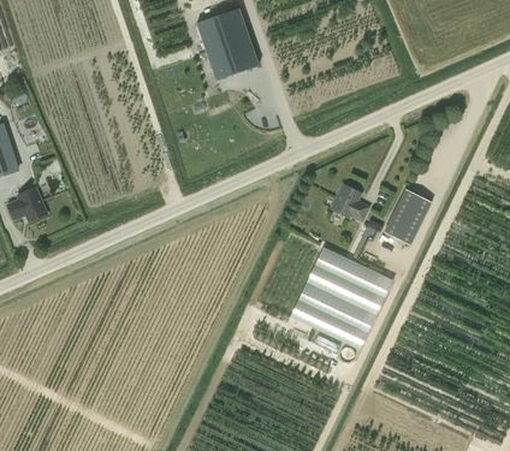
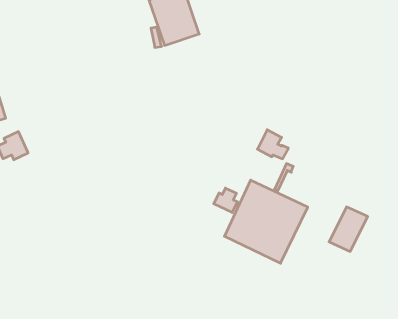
building: [384,189,432,244] -> [329,207,368,251]
building: none -> [214,188,237,213]

